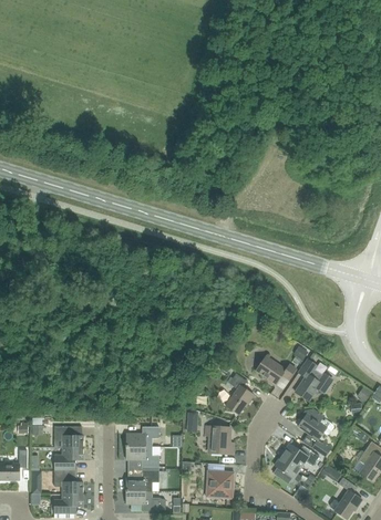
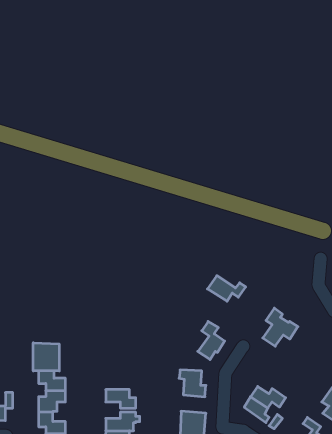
building: [255,355,296,383] -> [207,276,246,301]
building: none -> [33,343,59,371]
building: [298,413,333,447] -> none
building: [126,426,158,446] -> none

